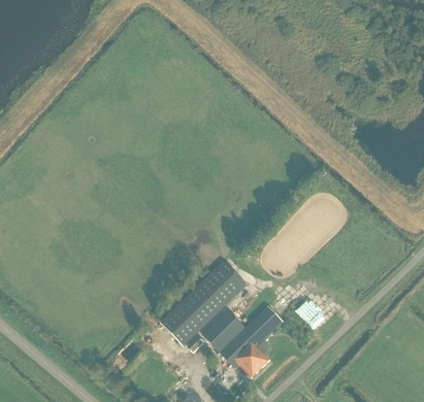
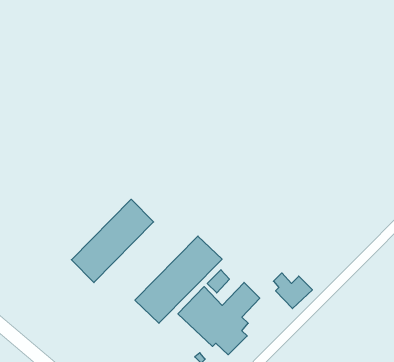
building: none -> [71,199,154,283]

